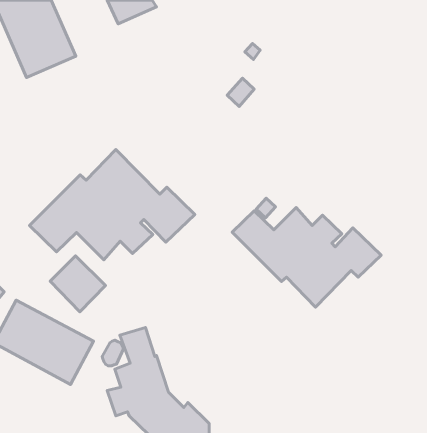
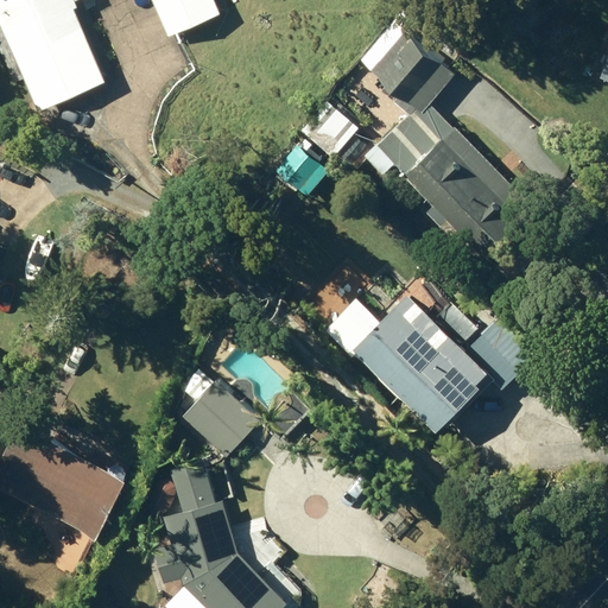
building: none -> [356,19,540,280]
building: [29,150,195,260] -> none
building: [50,256,105,312] -> [179,379,256,457]

